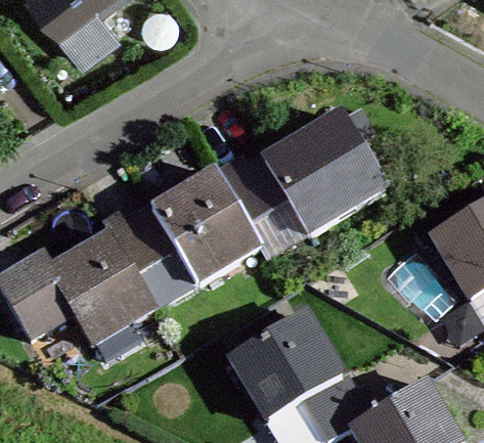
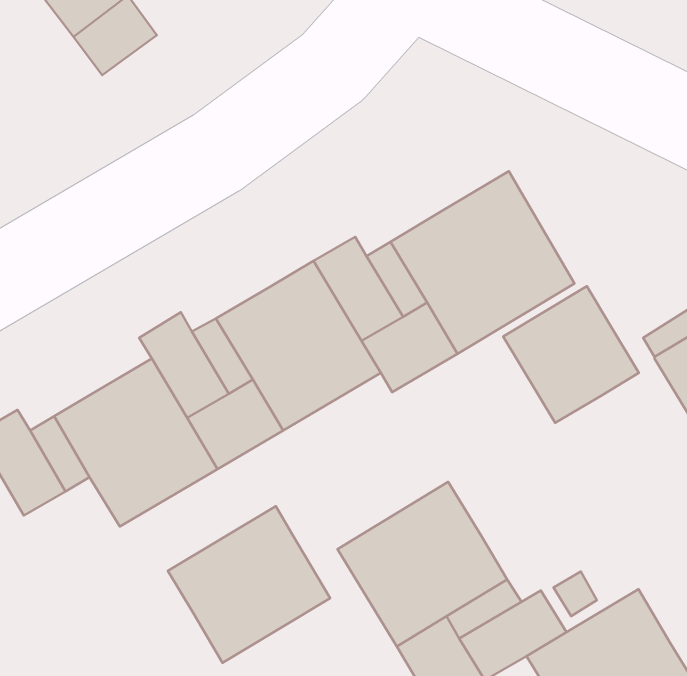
building: none -> [503,286,639,423]
building: none -> [168,506,330,663]

